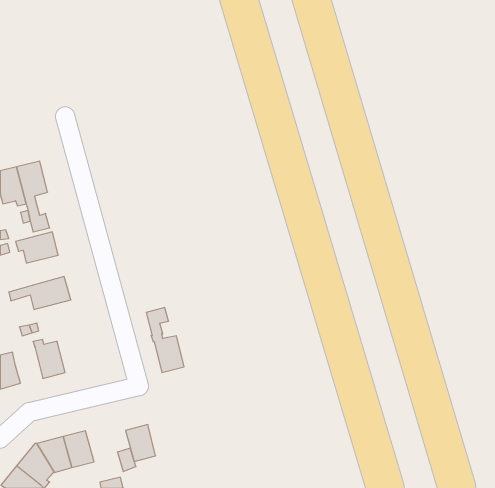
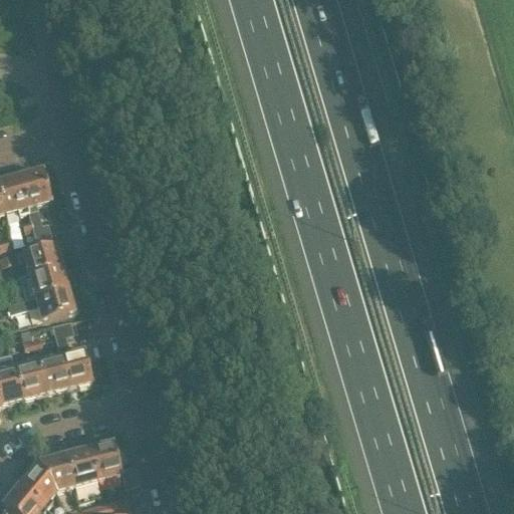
building: none -> [23,264,67,295]
building: [146,308,184,373] -> [52,318,91,386]
building: none -> [14,353,45,397]
building: [126,425,156,462] -> [89,440,120,478]

